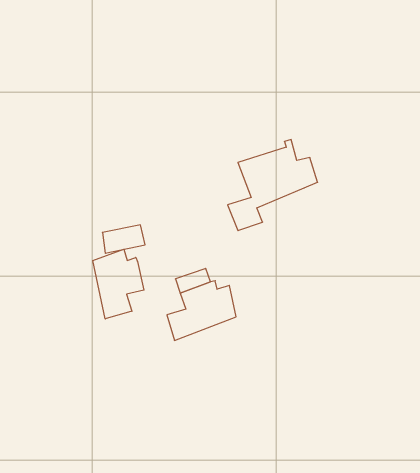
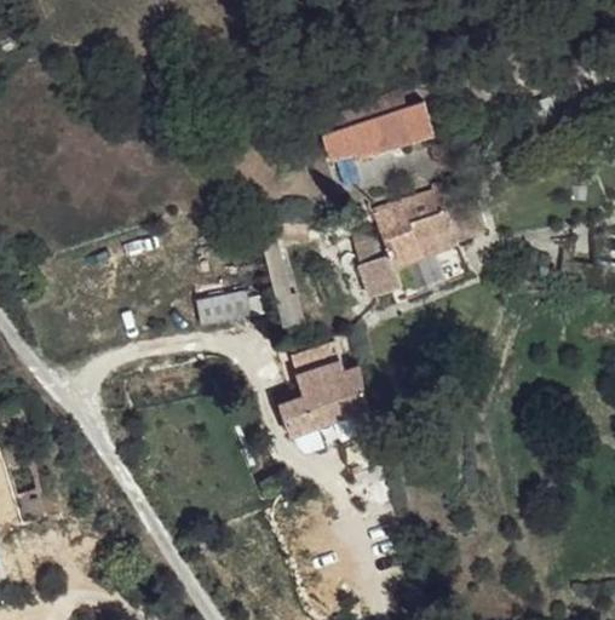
building: none -> [324,104,427,155]
building: [93,249,144,319] -> none

